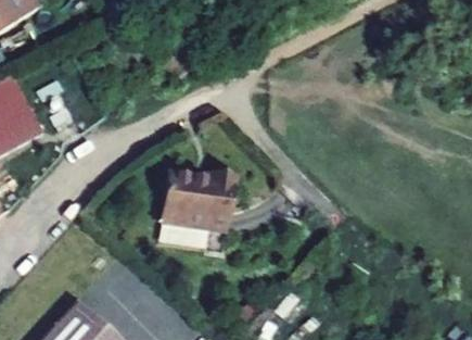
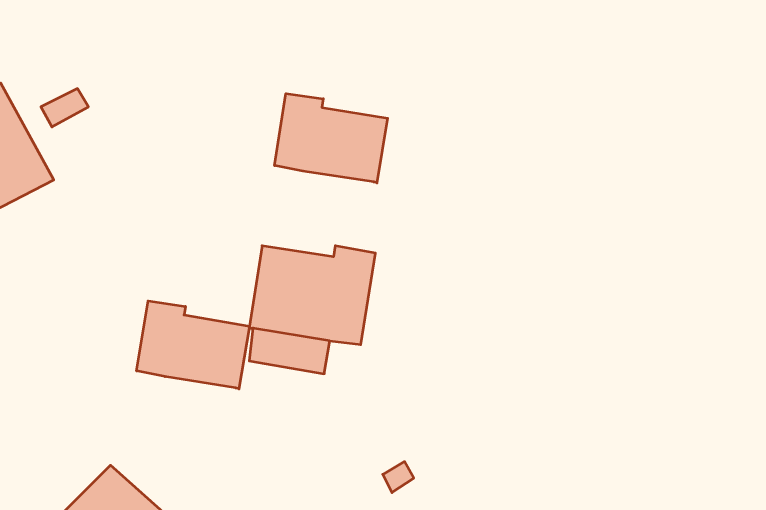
building: none -> [275,94,388,183]
building: none -> [137,301,250,389]

